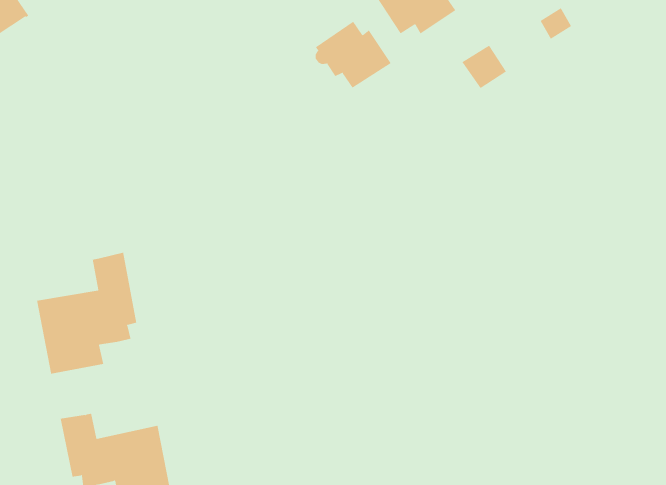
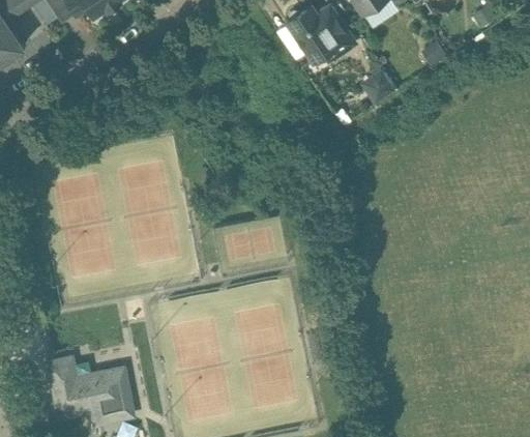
building: [315,21,391,89] -> none
building: [36,252,137,375] -> none

